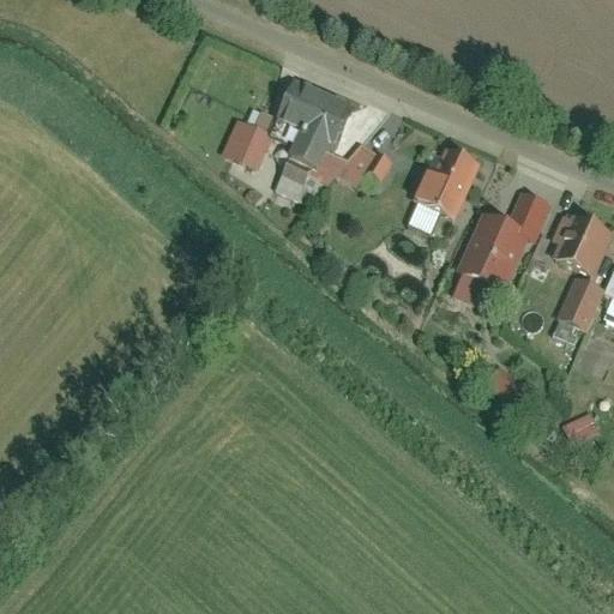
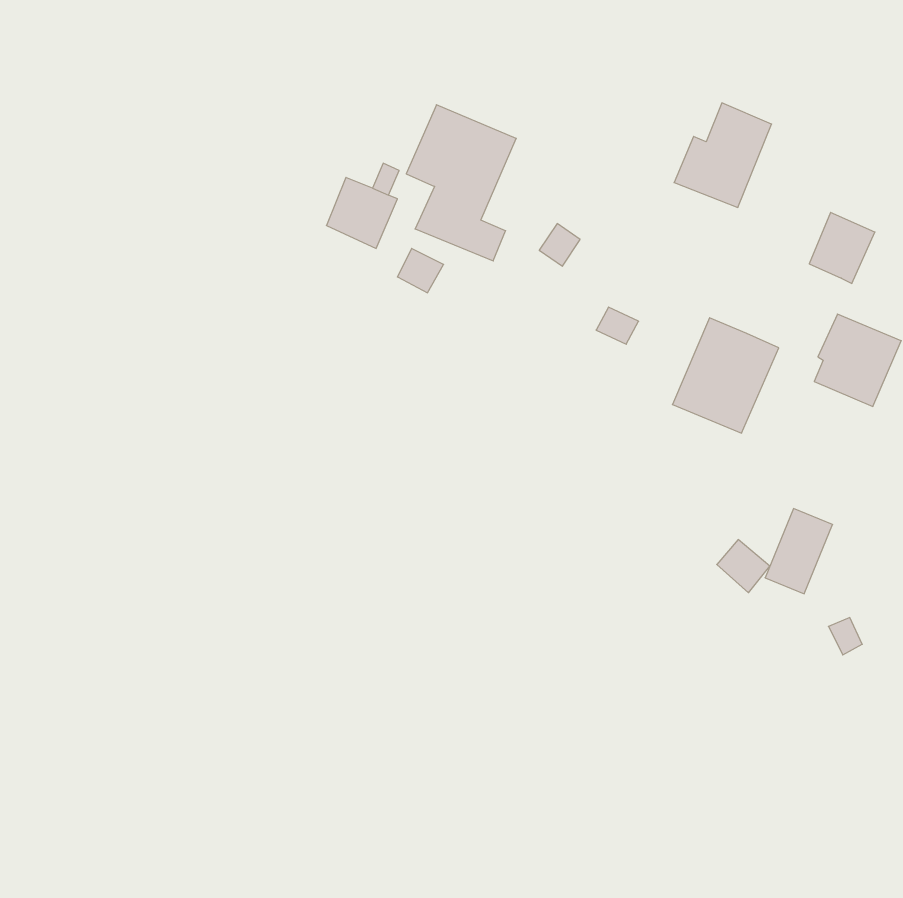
building: [342,140,379,183] -> none
building: [413,148,478,218] -> [674,103,772,207]
building: [507,191,552,239] -> [809,212,875,283]
building: [558,279,603,337] -> [765,509,833,594]

